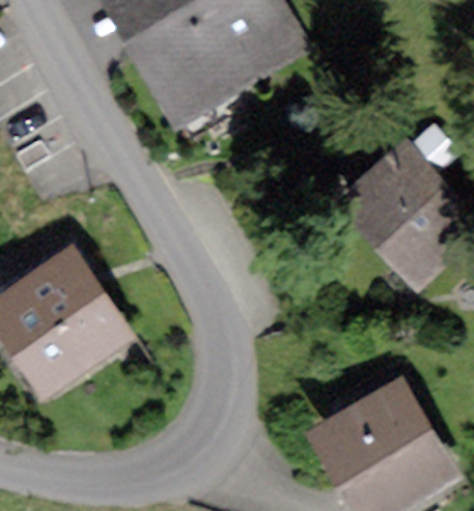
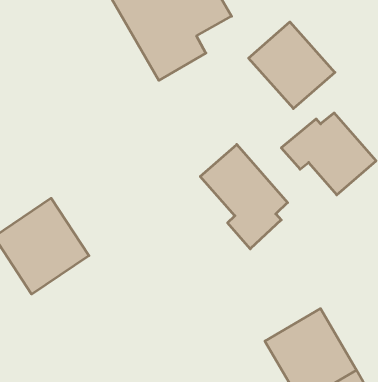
building: none -> [249,22,335,109]
building: none -> [200,144,288,249]

